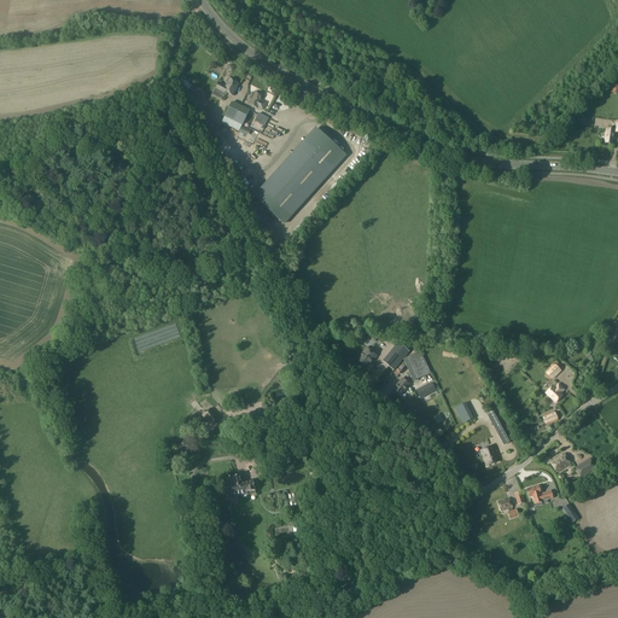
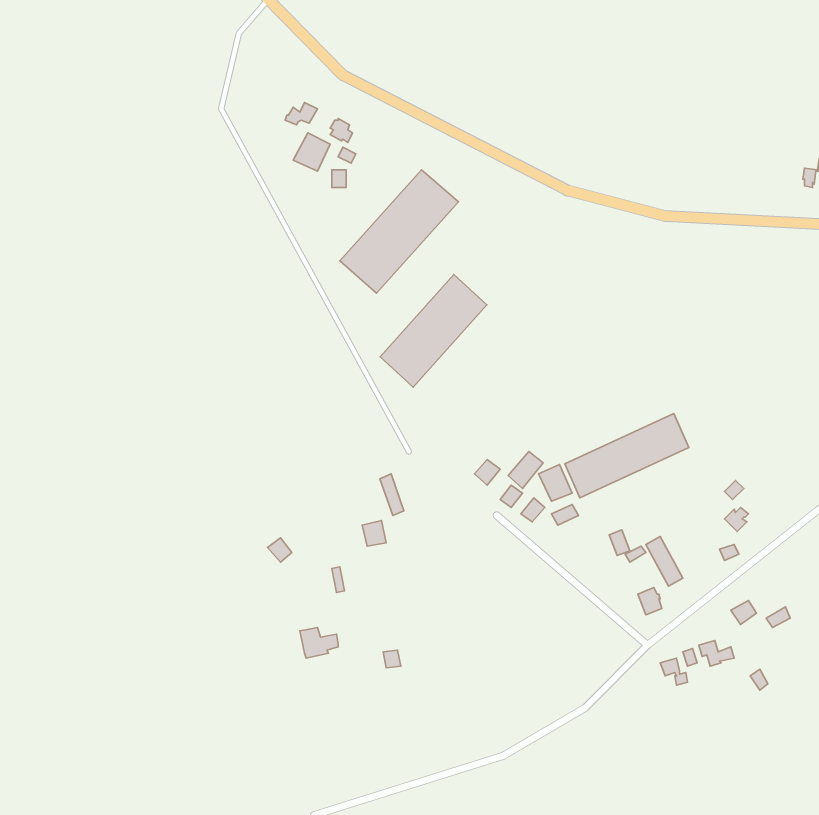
building: none -> [380,274,487,387]
building: none -> [565,413,689,498]

